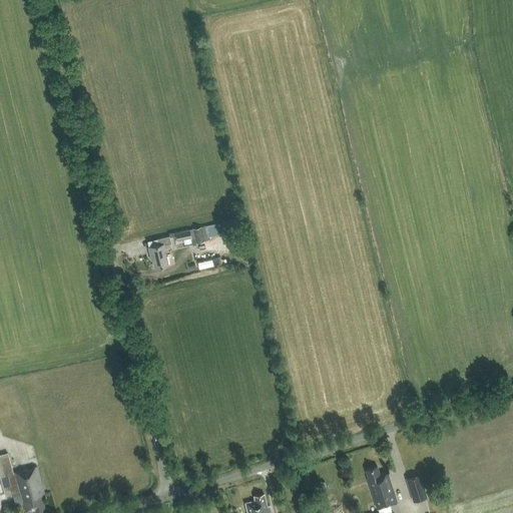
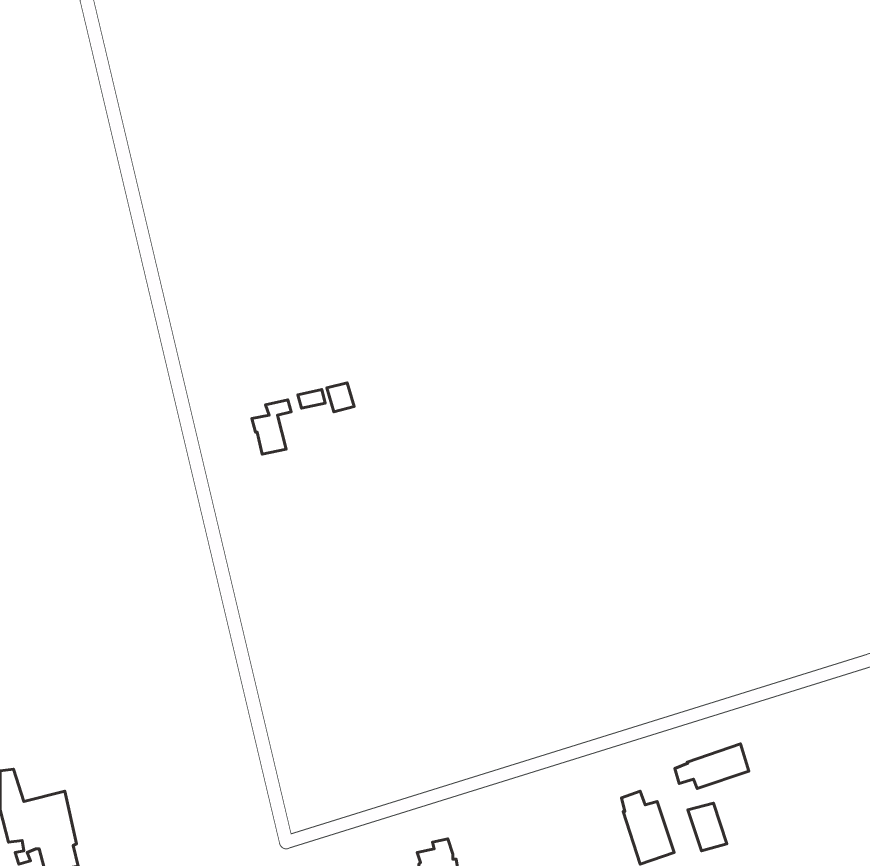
building: none -> [675,744,749,788]

